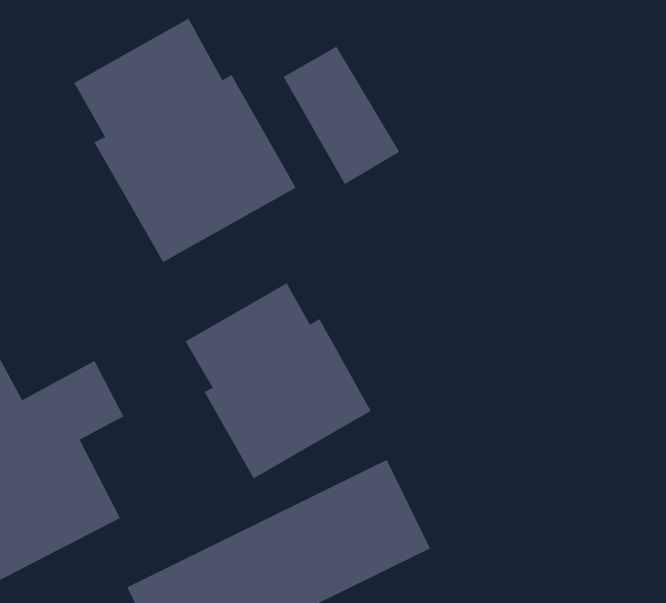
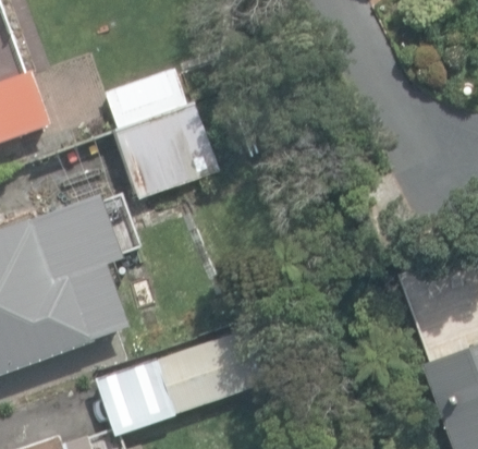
building: [185,282,372,479] -> none

